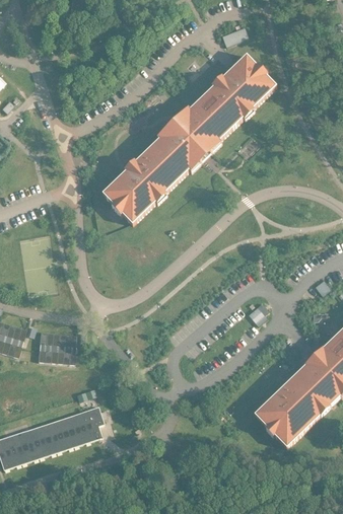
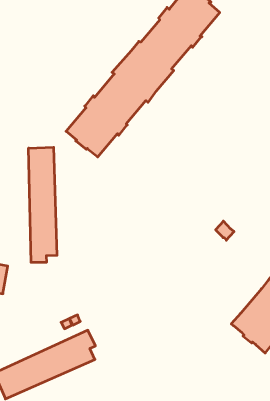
building: none -> [29,147,57,262]
building: [37,332,76,364] -> none

